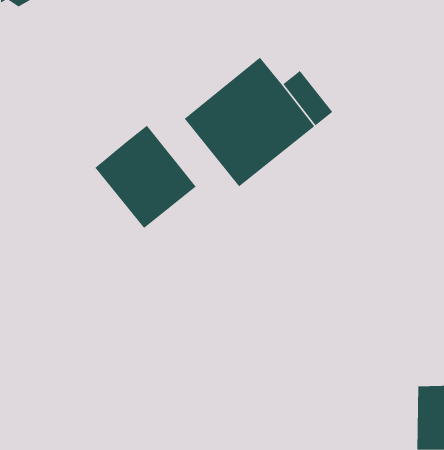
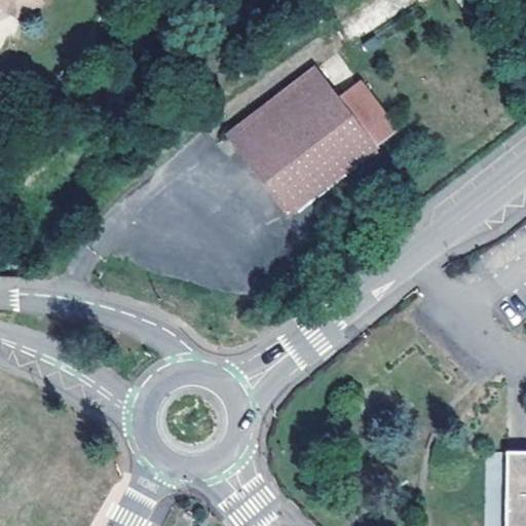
building: [95,125,196,229] -> none

